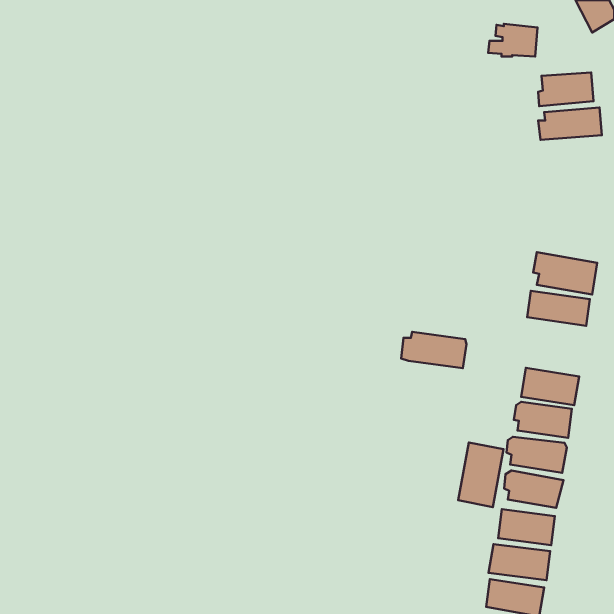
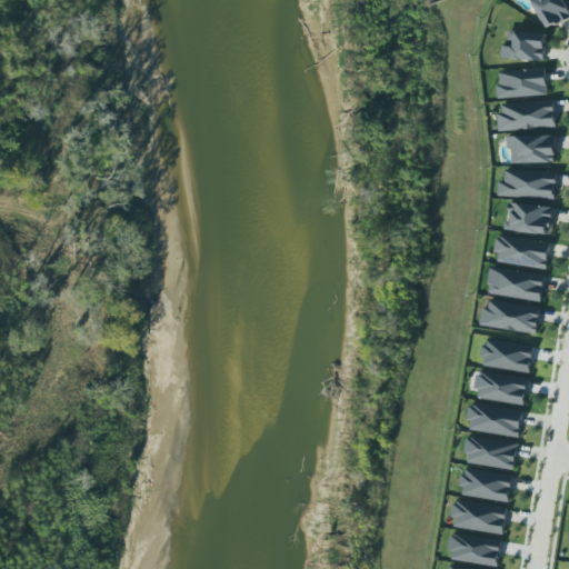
building: [488,24,538,56] -> [500,30,546,60]
building: none -> [506,134,557,163]
building: none -> [497,170,557,200]
building: none -> [502,206,553,238]
building: [401,332,466,368] -> [479,300,539,333]
building: [458,442,504,507] -> none

